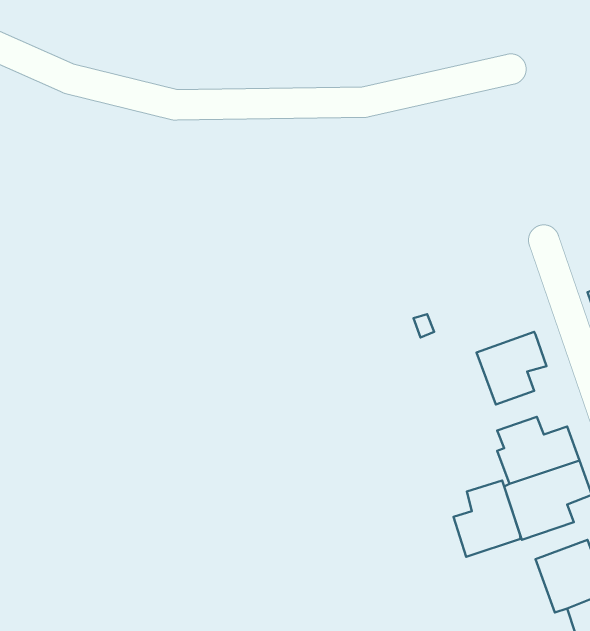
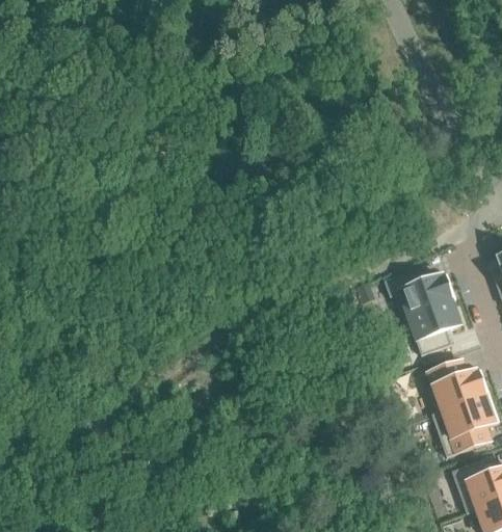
building: none -> [389,266,459,316]
building: [453,481,521,557] -> none

